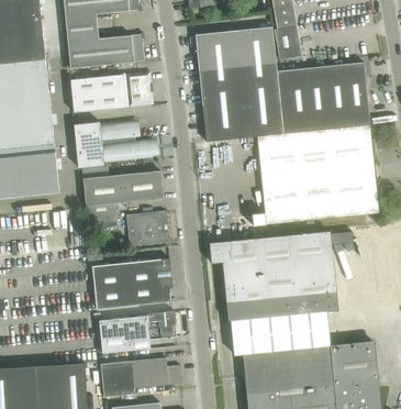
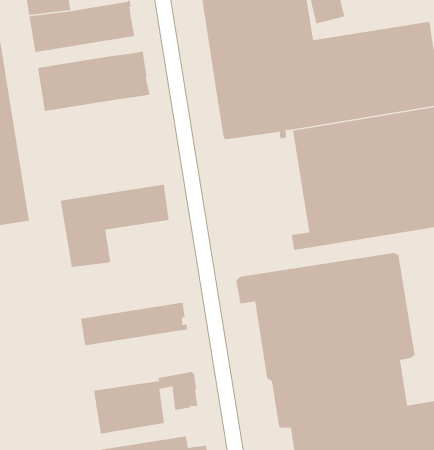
building: [79,118,159,167] -> none
building: [127,211,168,245] -> none
building: [94,279,172,309] -> none

